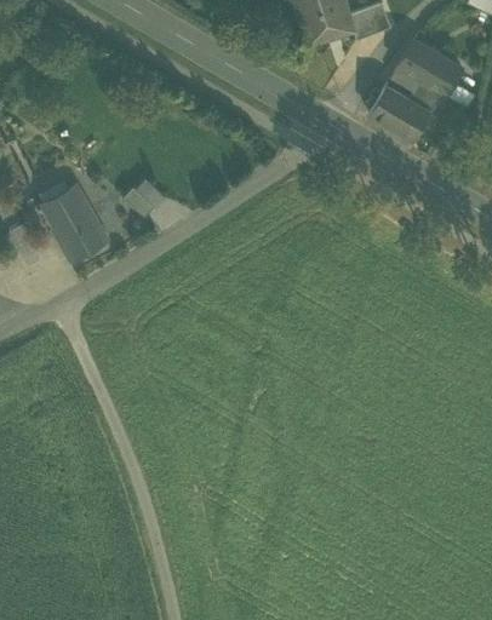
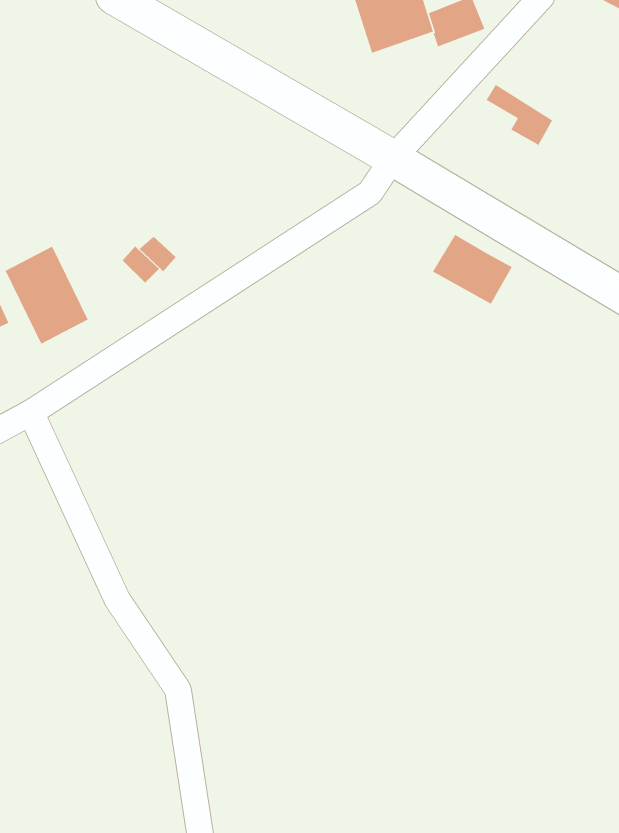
building: [397,39,460,94] -> none
building: [370,86,429,138] -> [432,234,513,305]

